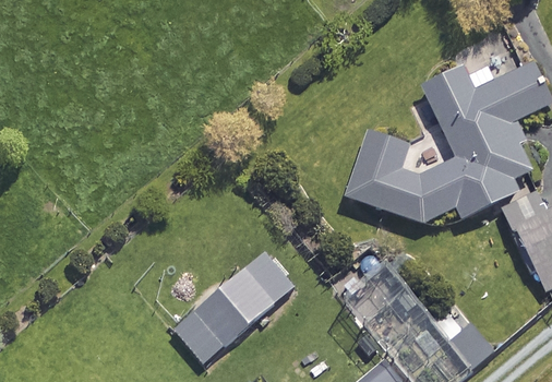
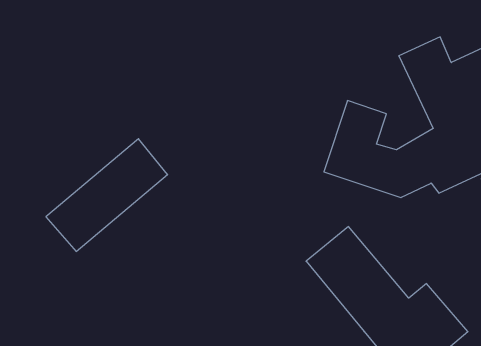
building: [172,251,291,361] -> [46,139,168,251]

